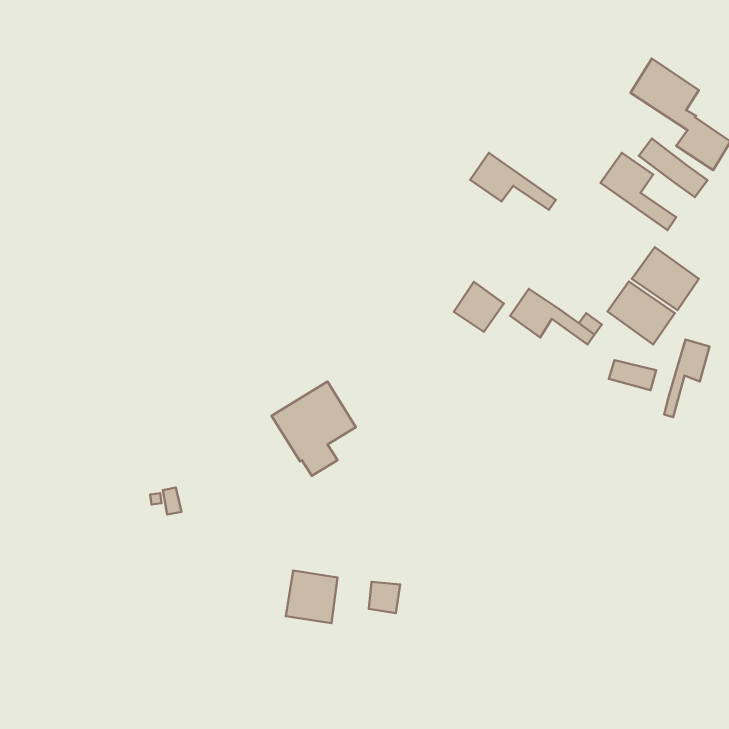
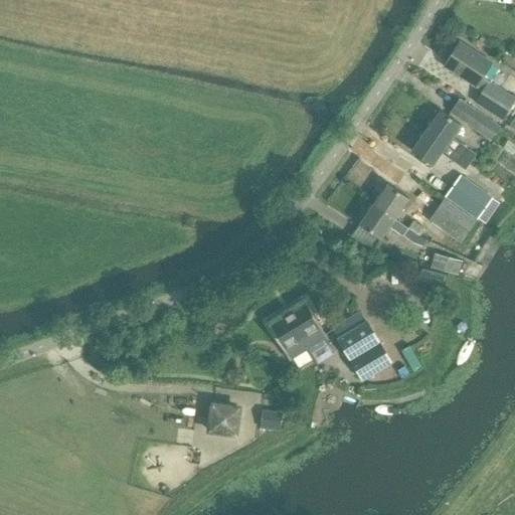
building: [470,153,556,210] -> [410,129,471,169]
building: [454,282,504,332] -> [373,182,408,217]
building: [664,339,709,417] -> none
building: [272,382,356,476] -> [269,303,328,369]
building: none -> [337,321,391,380]

